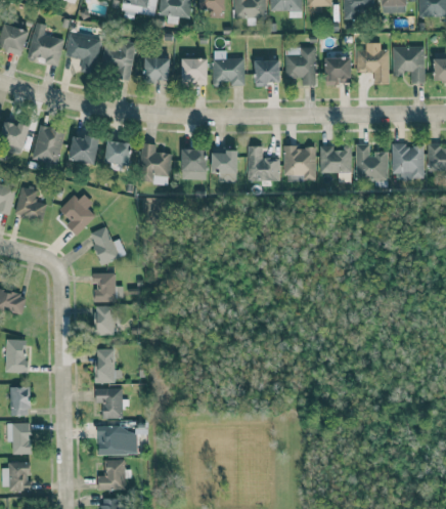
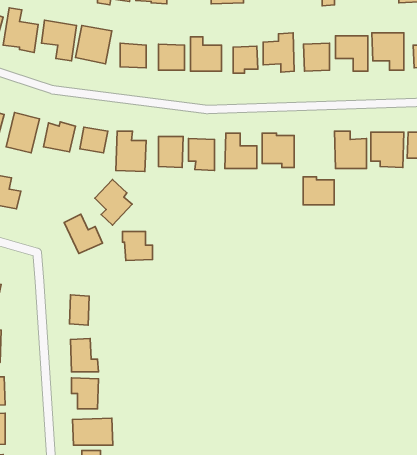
building: [320,144,351,172] -> [303,177,334,205]
building: [59,190,96,236] -> [95,179,132,225]
building: [93,272,123,301] -> [123,232,153,261]

